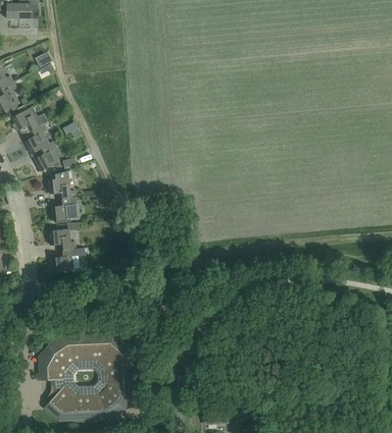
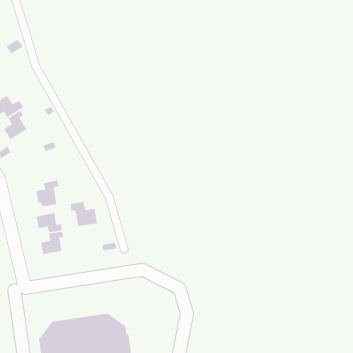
building: [35,142,59,171] -> none
building: [49,170,76,199] -> none
building: none -> [70,201,98,227]

